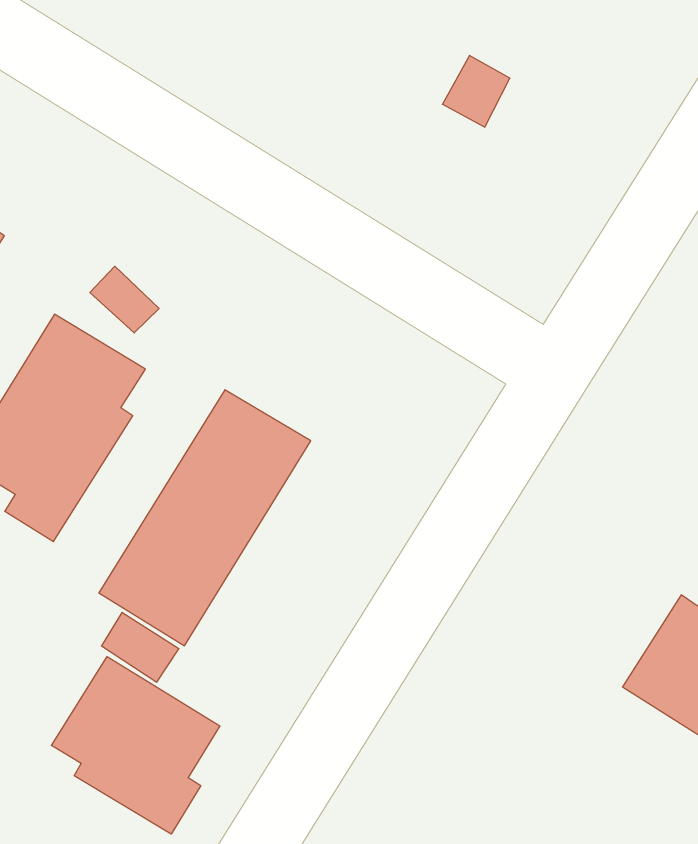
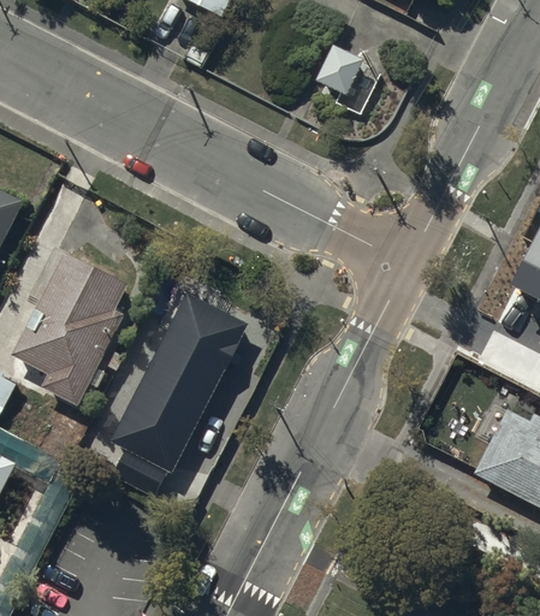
building: [51,657,220,834] -> none

